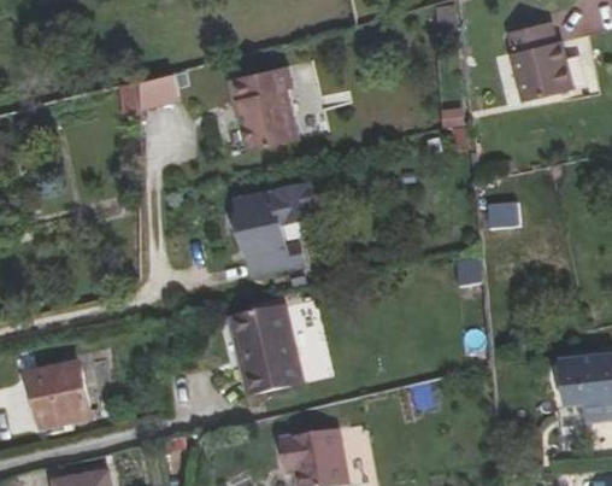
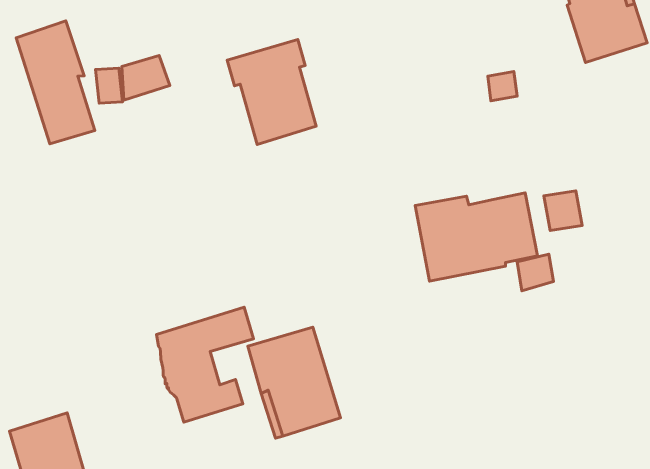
building: none -> [16,21,95,144]
building: [236,183,316,275] -> [156,307,254,422]
building: none -> [415,193,538,281]

